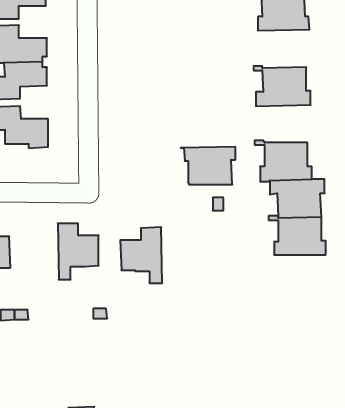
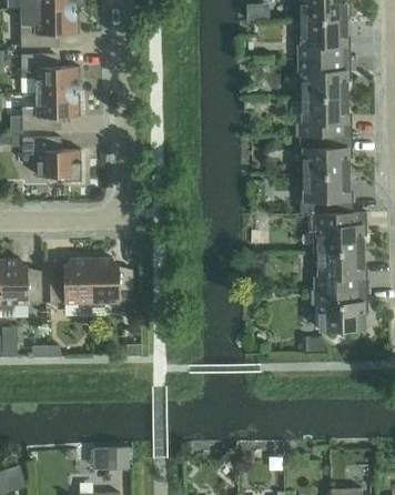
building: none -> [297,58,351,98]
building: [181,147,235,185] -> [295,135,352,174]
building: [120,227,162,283] -> [49,257,92,315]
building: none -> [311,290,367,330]

